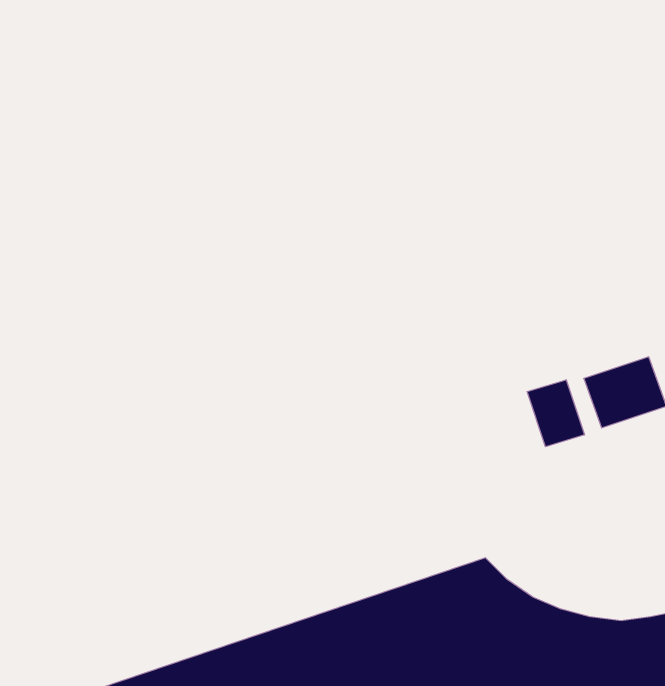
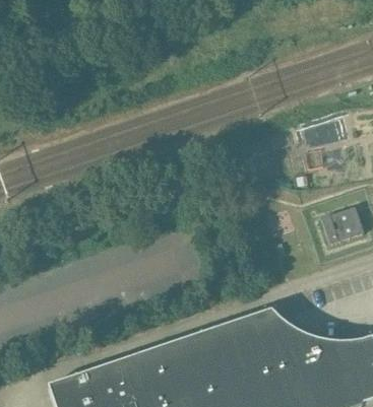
building: [527,380,584,447] -> none

